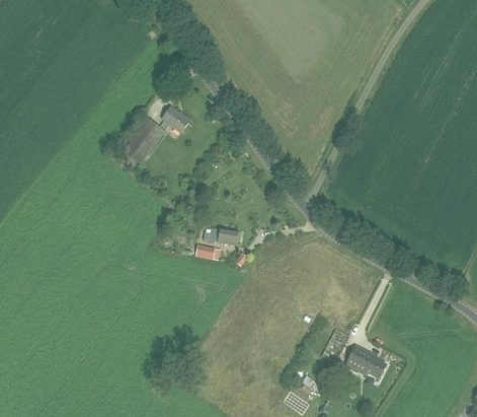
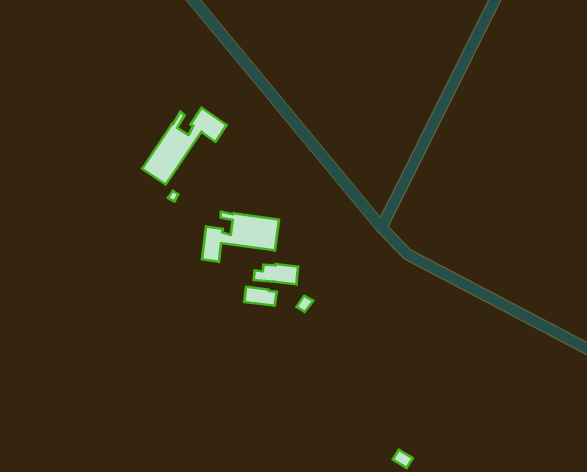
building: none -> [202,212,279,262]
building: [346,346,386,378] -> none

